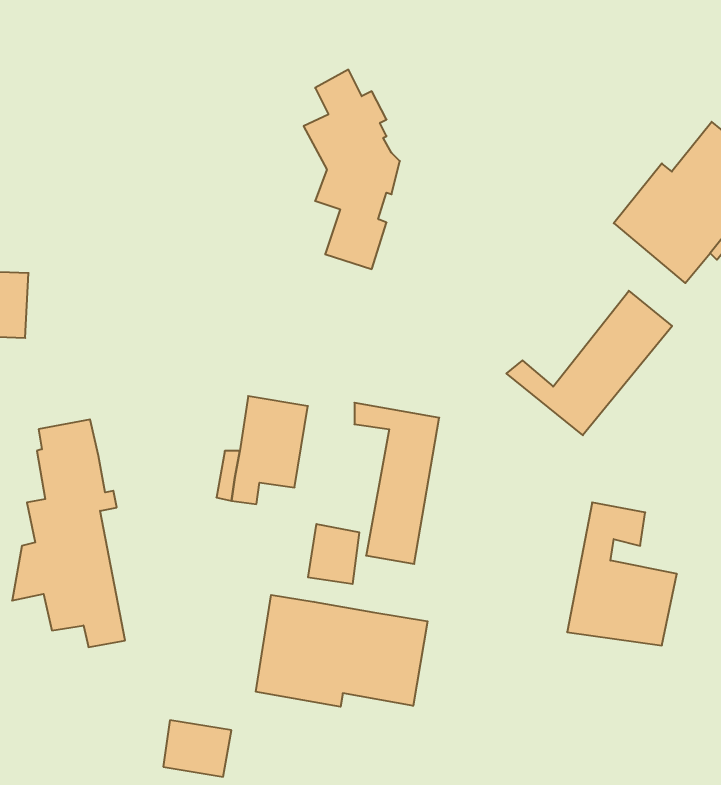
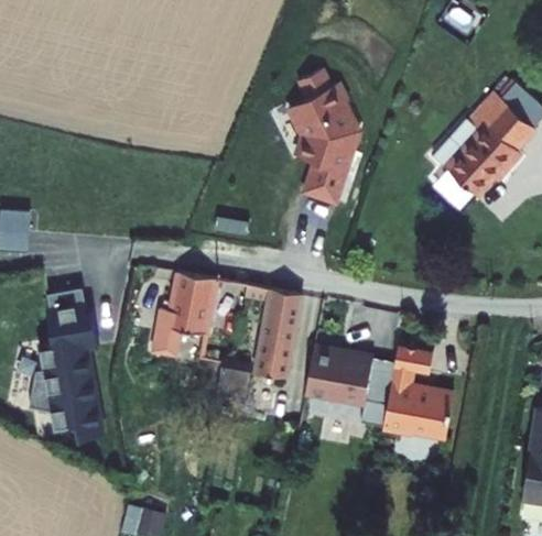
building: [304,70,400,269] -> [283,73,347,205]
building: [506,291,672,435] -> none
building: none -> [318,348,388,406]
building: [256,595,428,707] -> none

